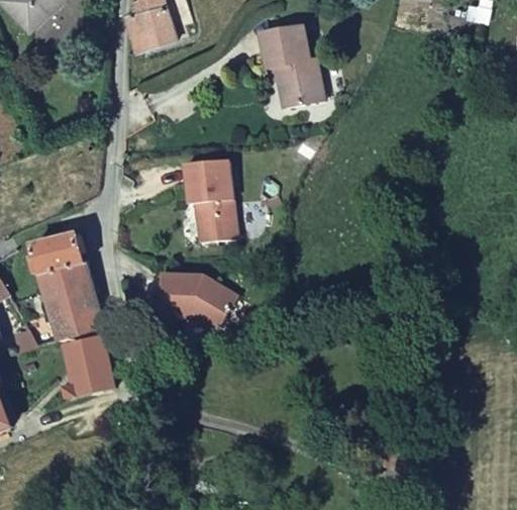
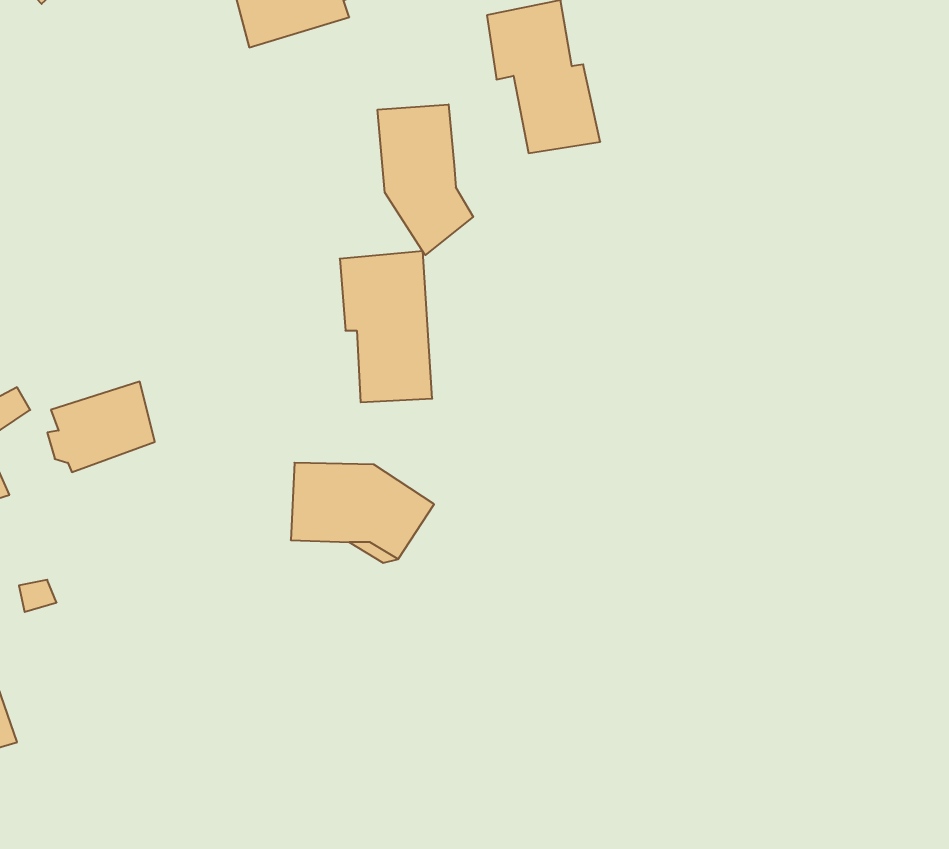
building: none -> [378,104,473,255]
building: [40,261,100,338] -> none
building: [56,333,114,399] -> none

